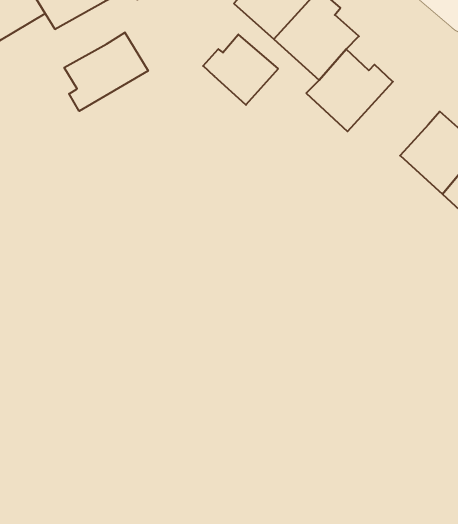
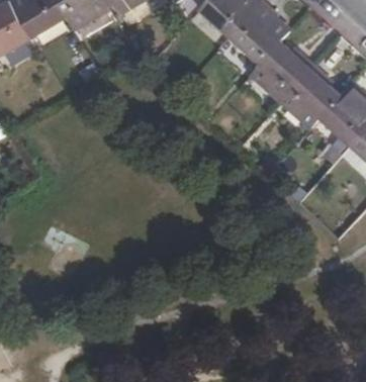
building: [64,32,148,111] -> none
building: [203,34,278,105] -> none
building: none -> [280,66,338,128]

